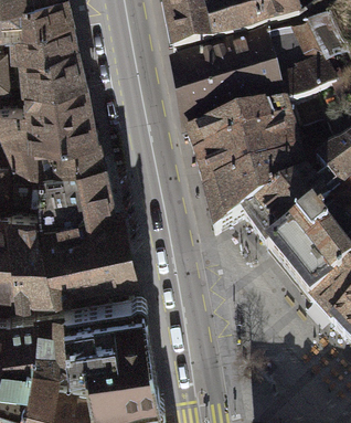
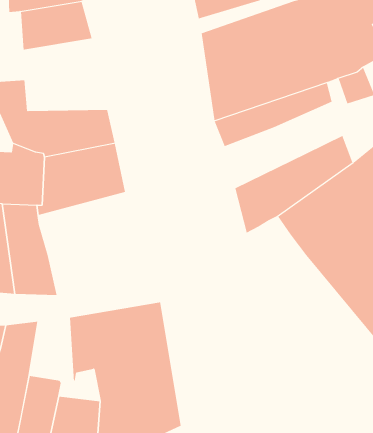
building: [23,65,96,127] -> none
building: [195,119,297,193] -> none
building: [36,197,128,285] -> none
building: [29,304,66,360] -> none

